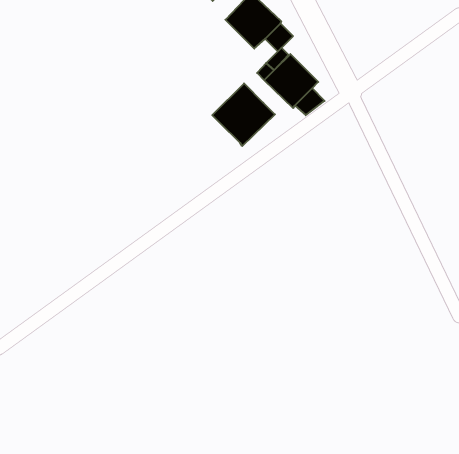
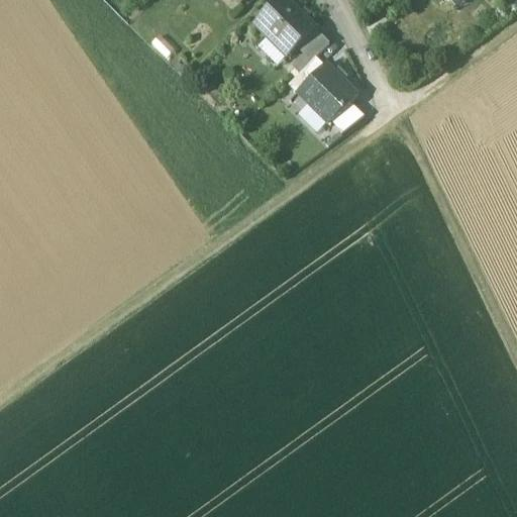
building: [212,83,275,146] -> none

